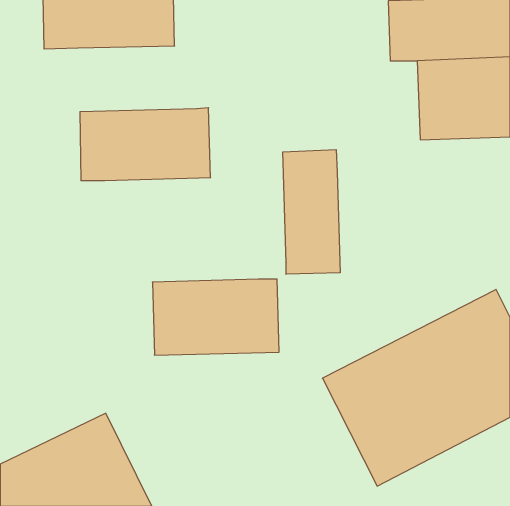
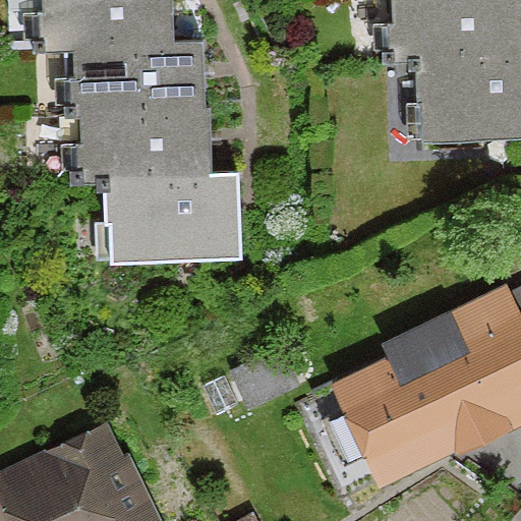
building: none -> [79,46,200,114]
building: [283,150,340,274] -> none
building: [152,279,279,355] -> [107,181,236,258]

